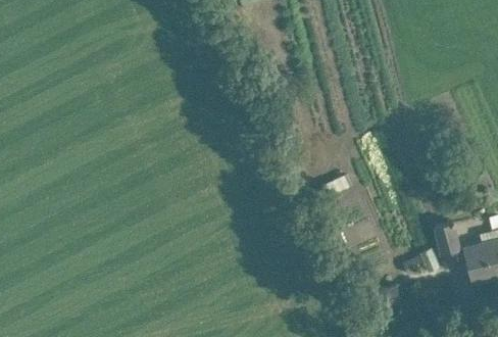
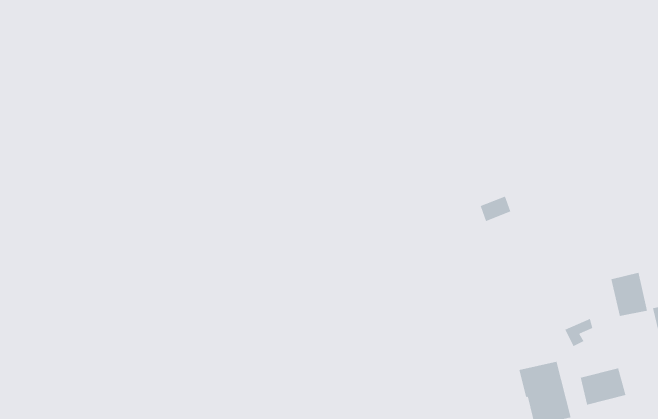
building: none -> [580,368,626,406]

